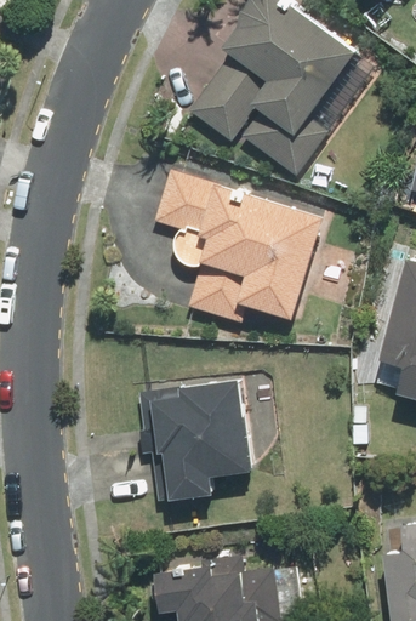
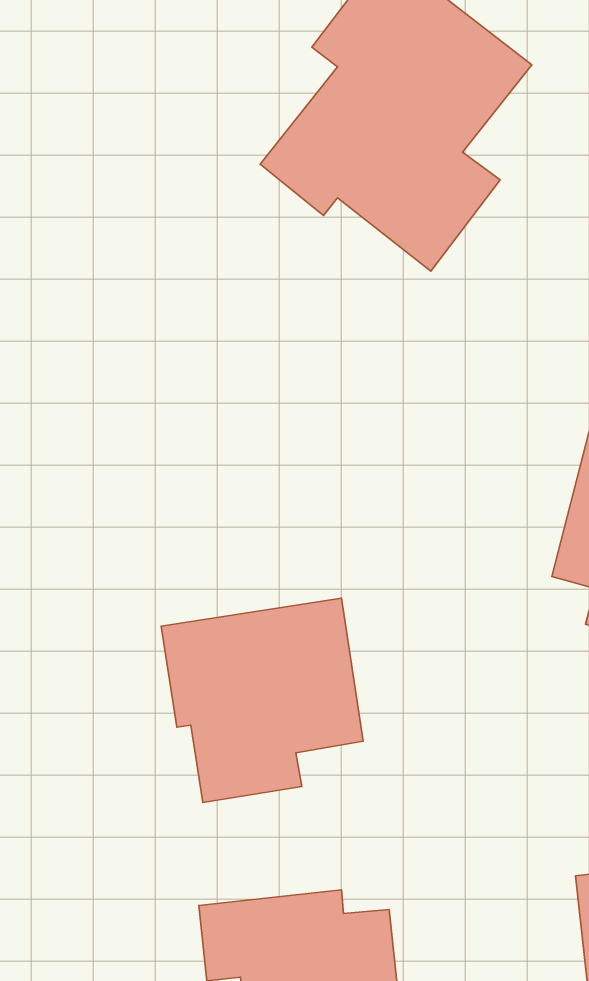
building: [155,176,325,323] -> none

